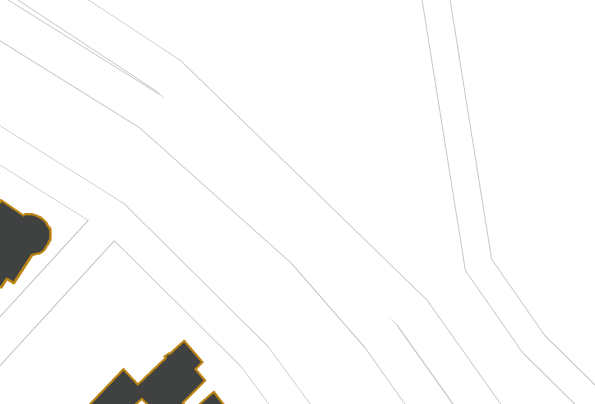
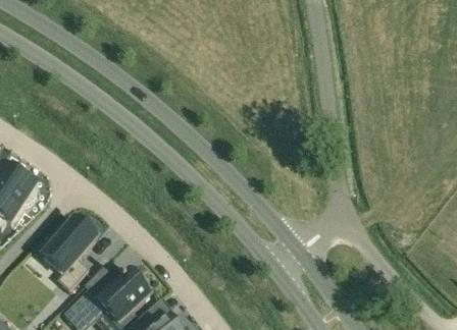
building: none -> [43,217,97,288]

